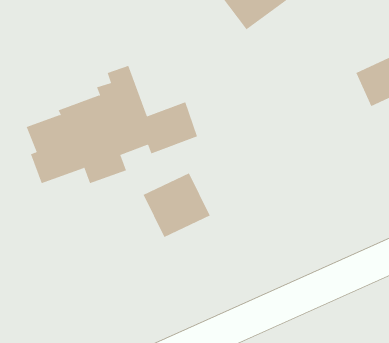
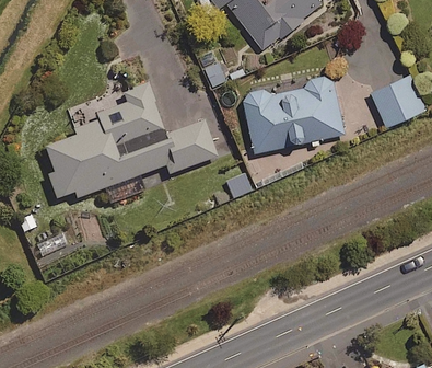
building: none -> [243,77,345,153]
building: [143,173,210,238] -> none

